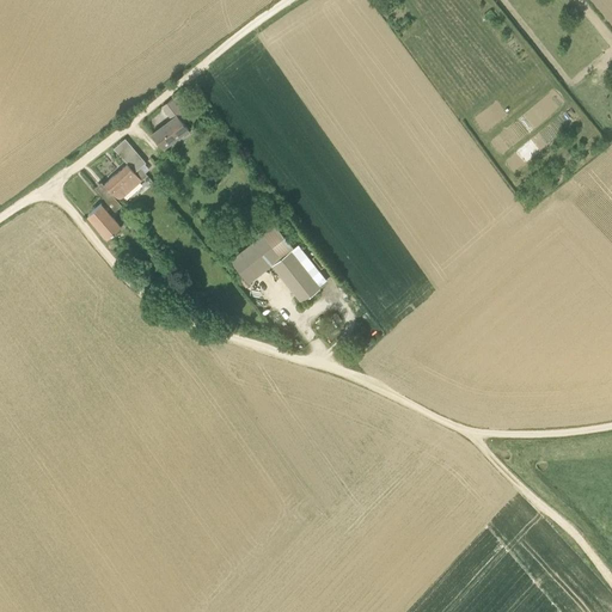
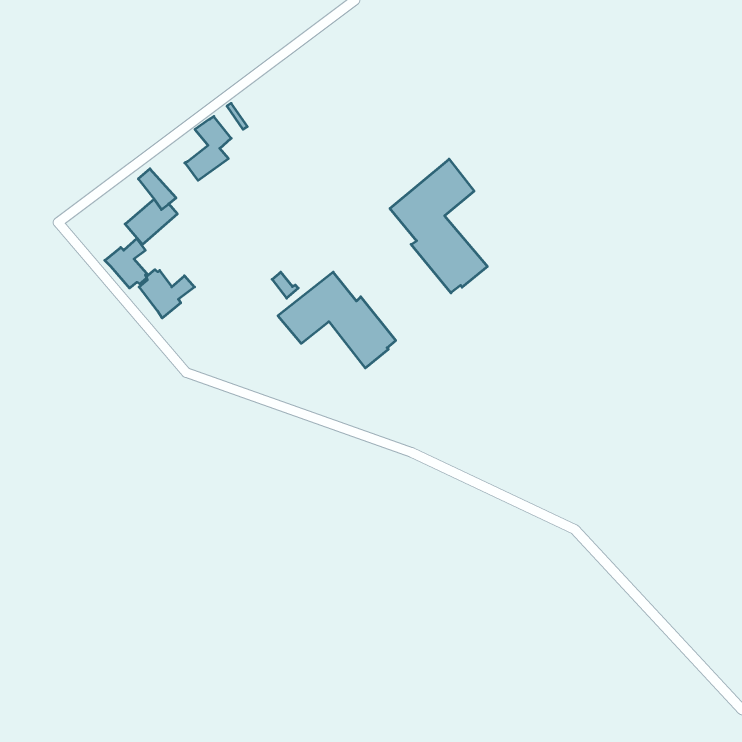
building: none -> [390,159,487,293]
building: none -> [139,270,195,318]

